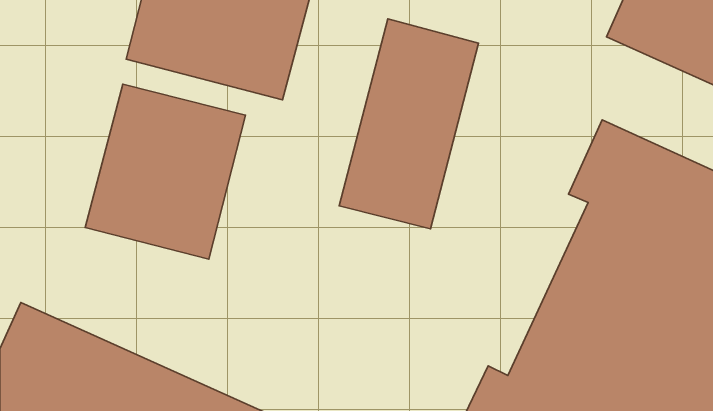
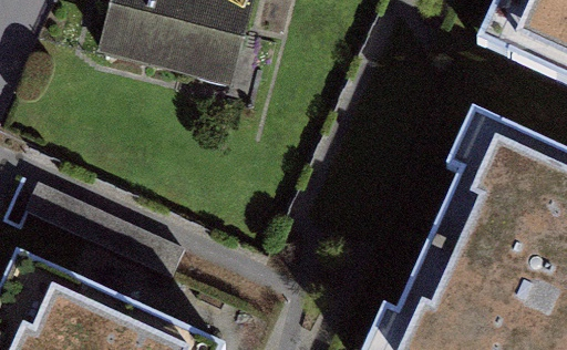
building: [339,19,478,229] -> none
building: [85,84,245,259] -> none

